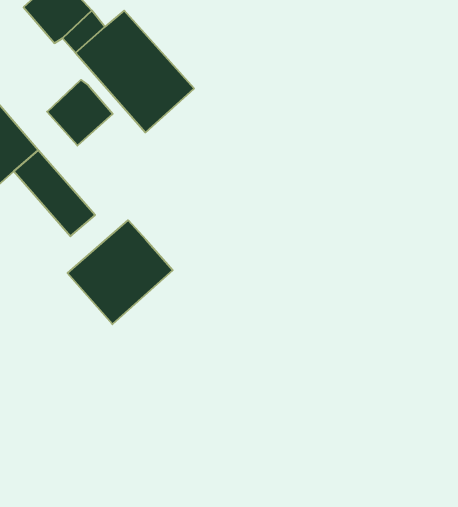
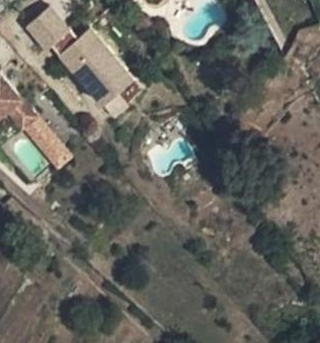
building: [47,80,113,146] -> none
building: [68,220,173,324] -> none

